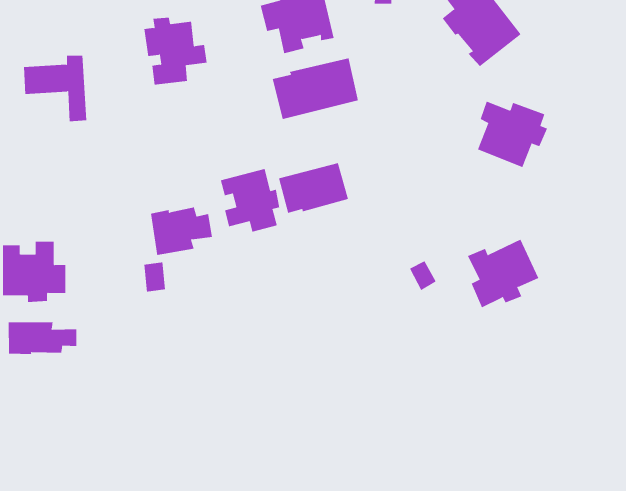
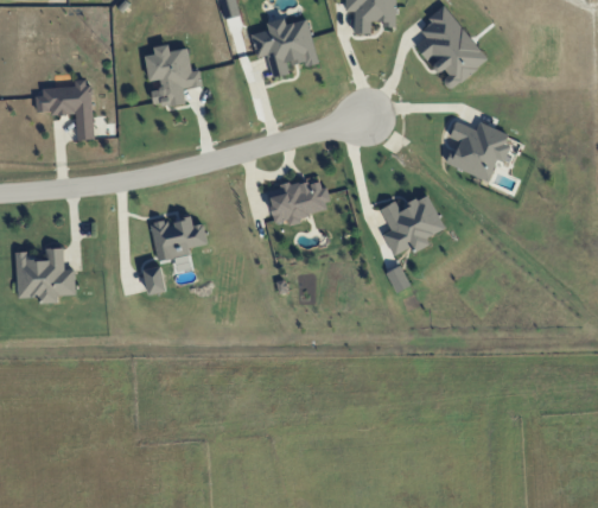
building: [272,57,359,120] -> none
building: [220,168,280,232] -> none
building: [467,239,539,308] -> [380,192,445,255]
building: [8,322,77,355] -> none

